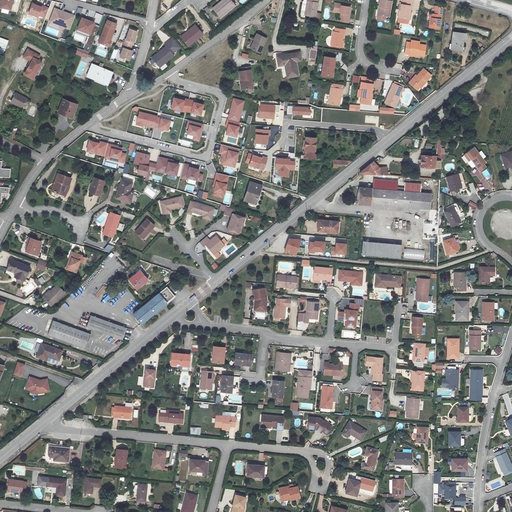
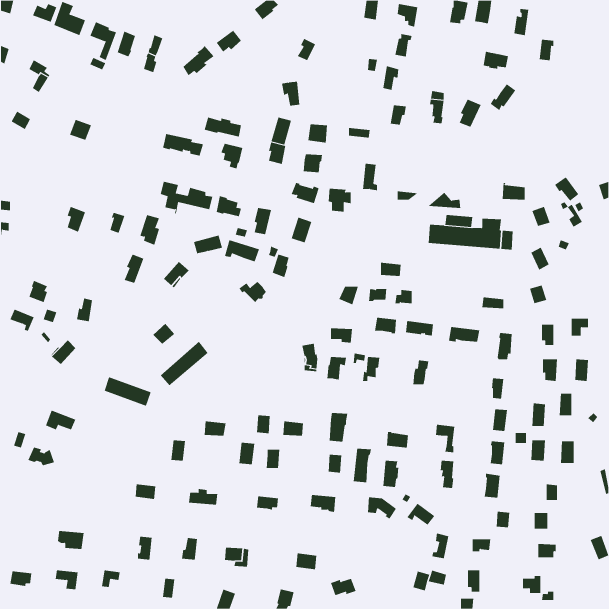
building: [277,51,300,77] -> none
building: [85,63,113,86] -> none
building: [87,141,126,163] -> none
building: [218,144,240,168] -> none
building: [363,242,402,259] -> none
building: [49,321,91,349] -> none

